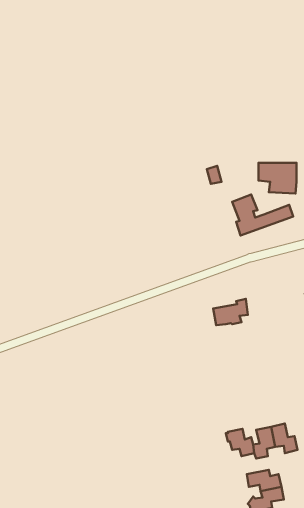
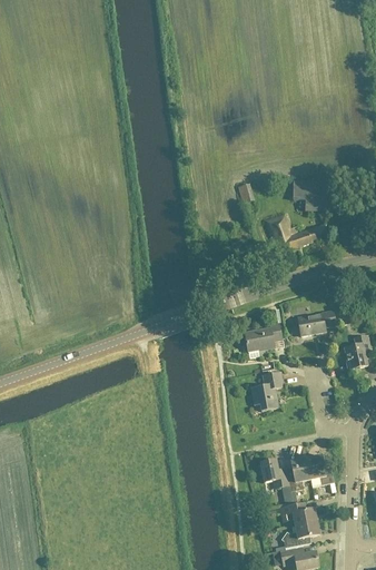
building: none -> [298,309,335,335]
building: none -> [251,371,284,410]

